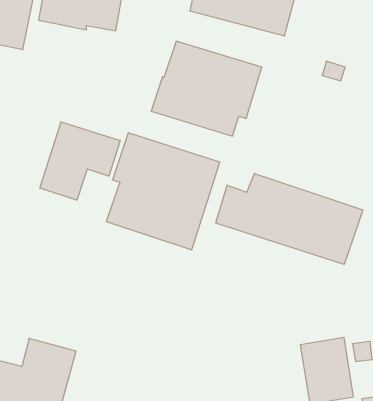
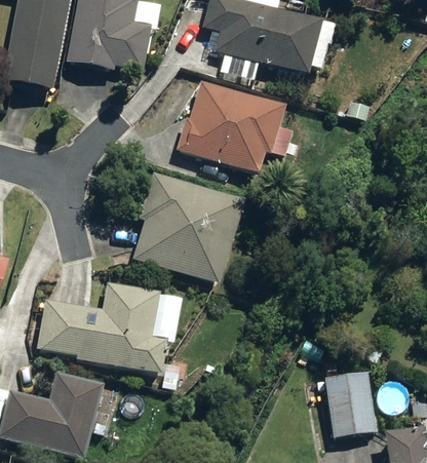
building: [40,122,120,200] -> none
building: [216,173,363,264] -> none
building: none -> [36,283,166,375]

